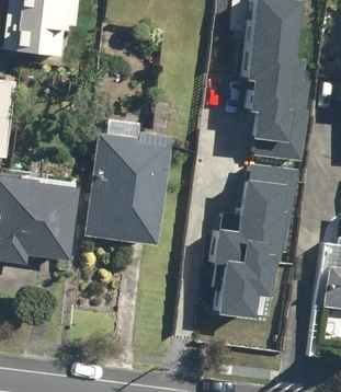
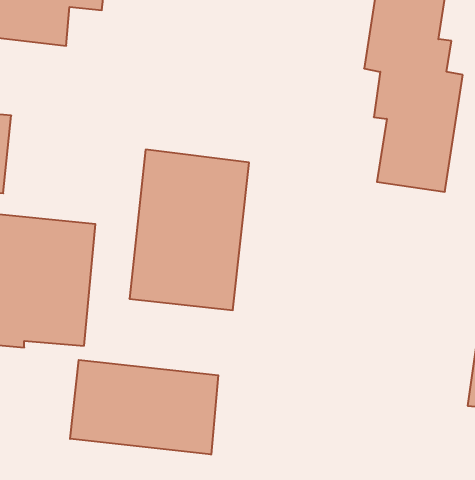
building: [219,162,300,316] -> none
building: none -> [70,360,218,455]

